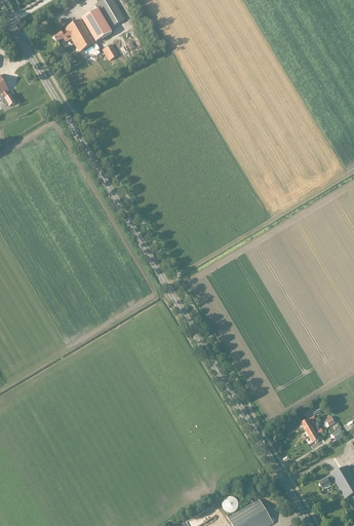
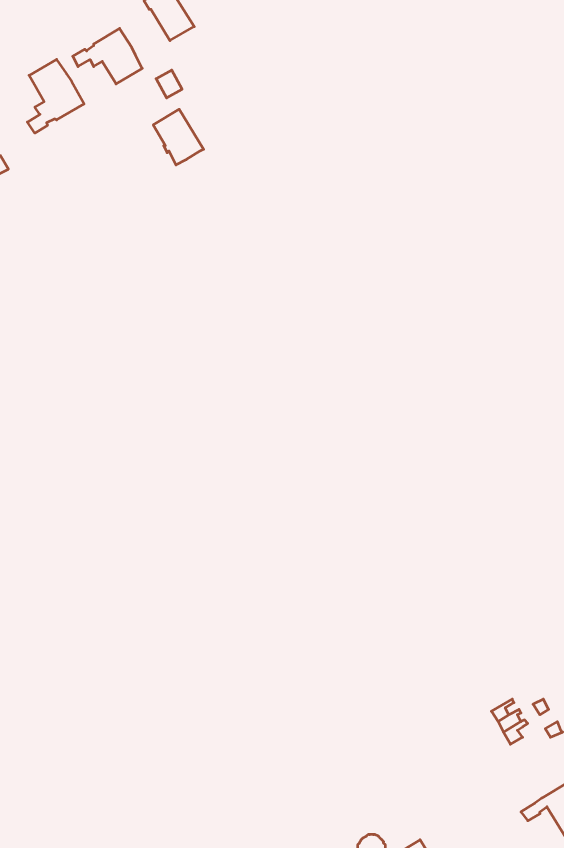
building: [82,9,112,42] -> [153,109,204,165]
building: none -> [27,59,84,133]

